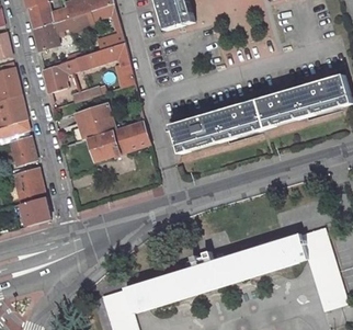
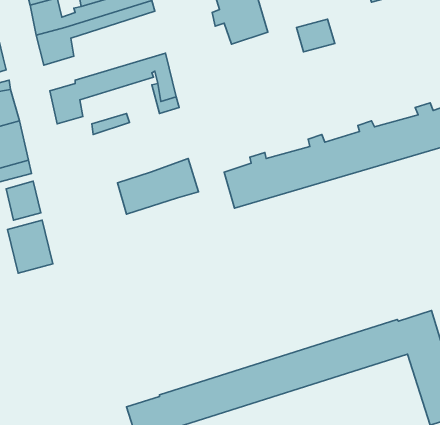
building: none -> [296,19,335,52]
building: [76,104,115,138] -> none
building: [19,195,49,225] -> none

